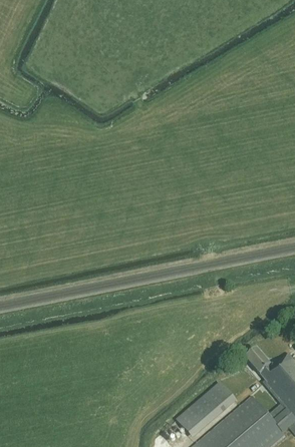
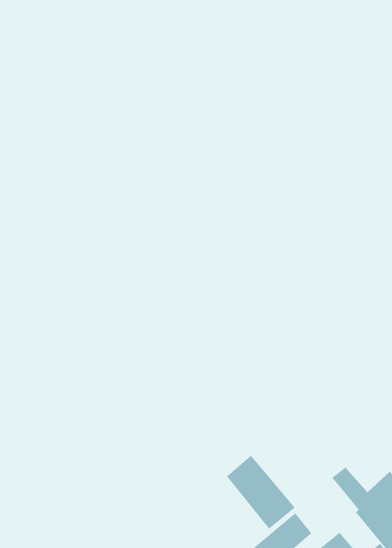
building: none -> [226,455,296,529]

